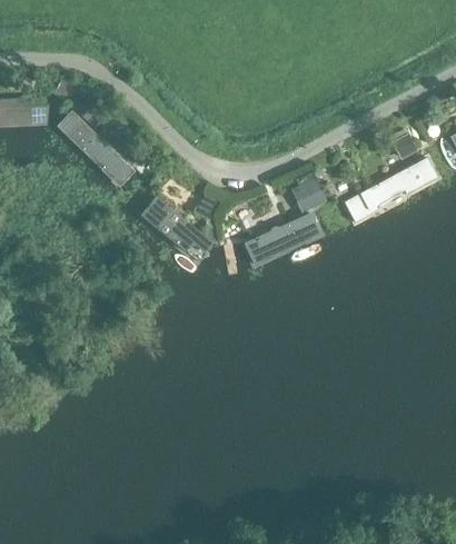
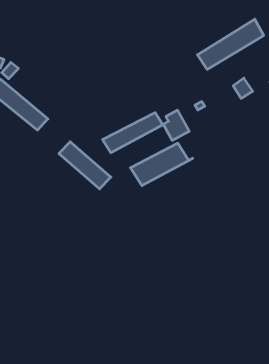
building: [340,158,434,224] -> [197,19,264,69]
building: none -> [103,113,163,153]

